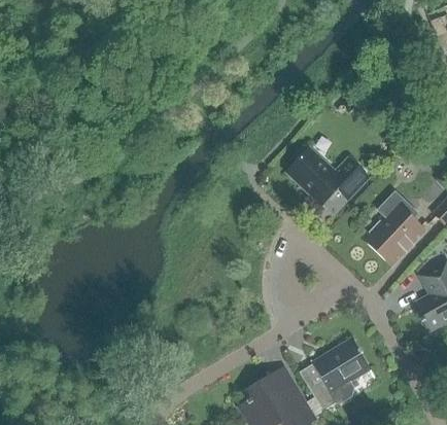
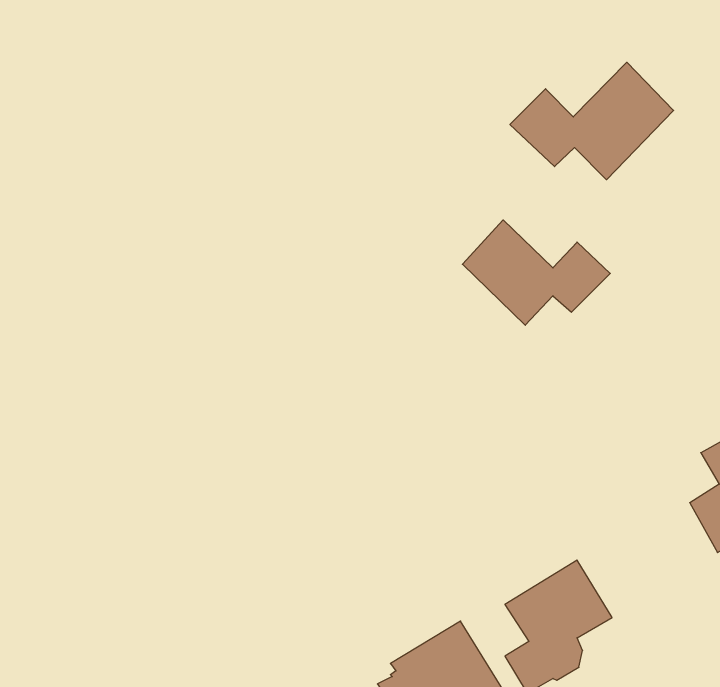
building: none -> [510,62,674,180]
building: [362,190,425,265] -> none

